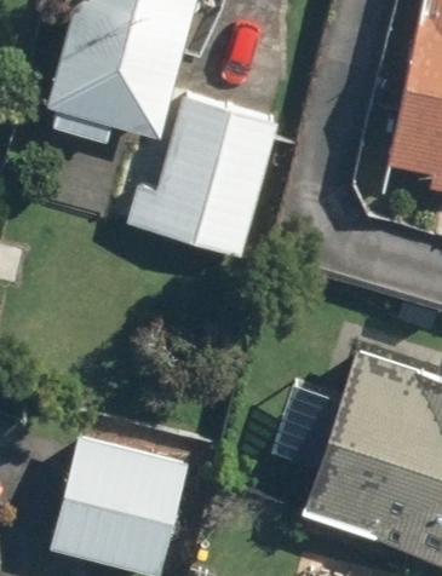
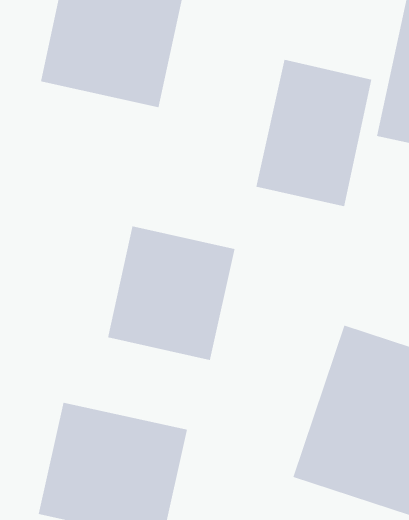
building: [153,106,271,257] -> [255,59,372,207]
building: none -> [107,225,235,361]

